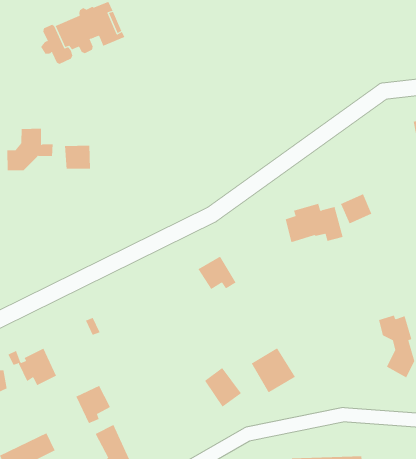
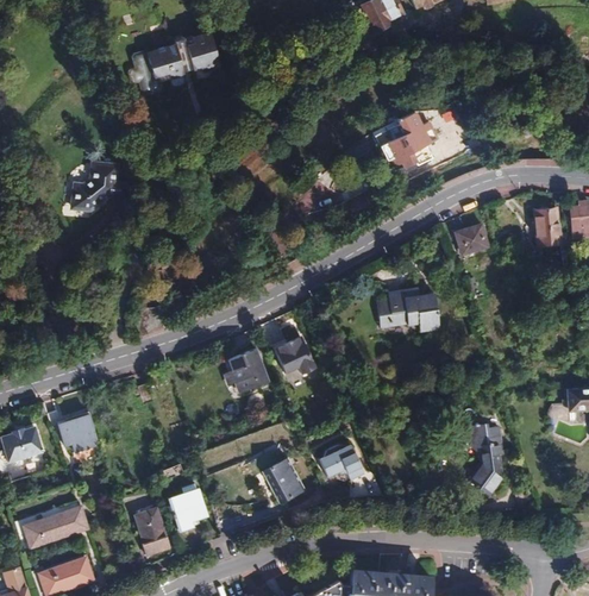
building: none -> [375,109,439,168]
building: [64,145,90,170] -> none
building: [340,194,372,224] -> [455,222,489,255]
building: none -> [225,347,270,393]
building: [76,385,111,424] -> [169,488,207,529]

